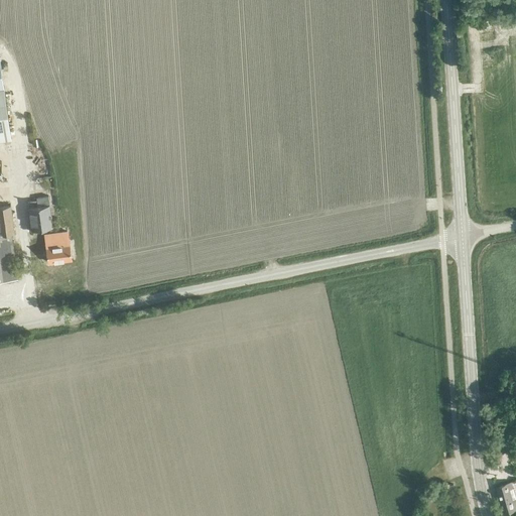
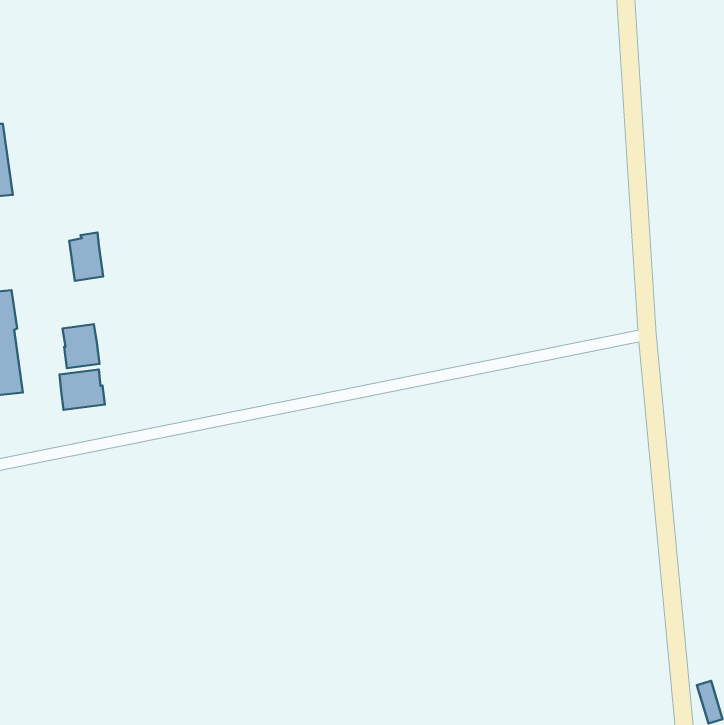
building: [26,197,50,231] -> [69,232,103,281]
building: none -> [59,369,105,410]

